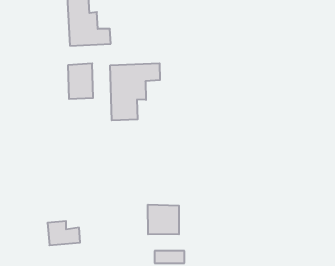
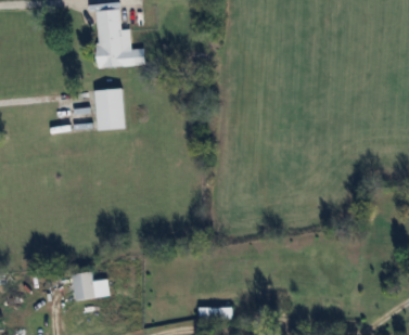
building: [110,63,160,120] -> none
building: [148,205,179,234] -> none

